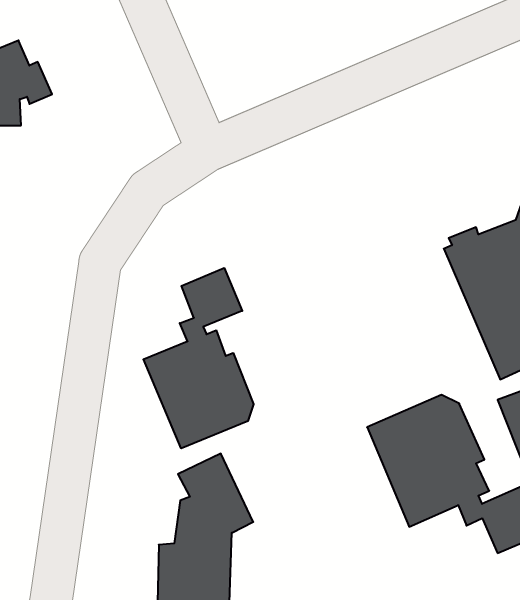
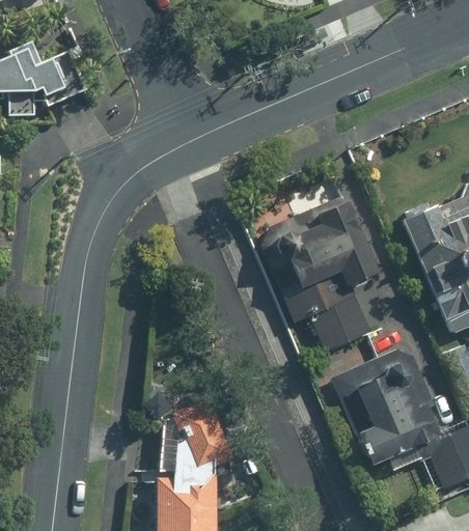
building: none -> [265,197,378,348]
building: [143,268,254,448] -> none

